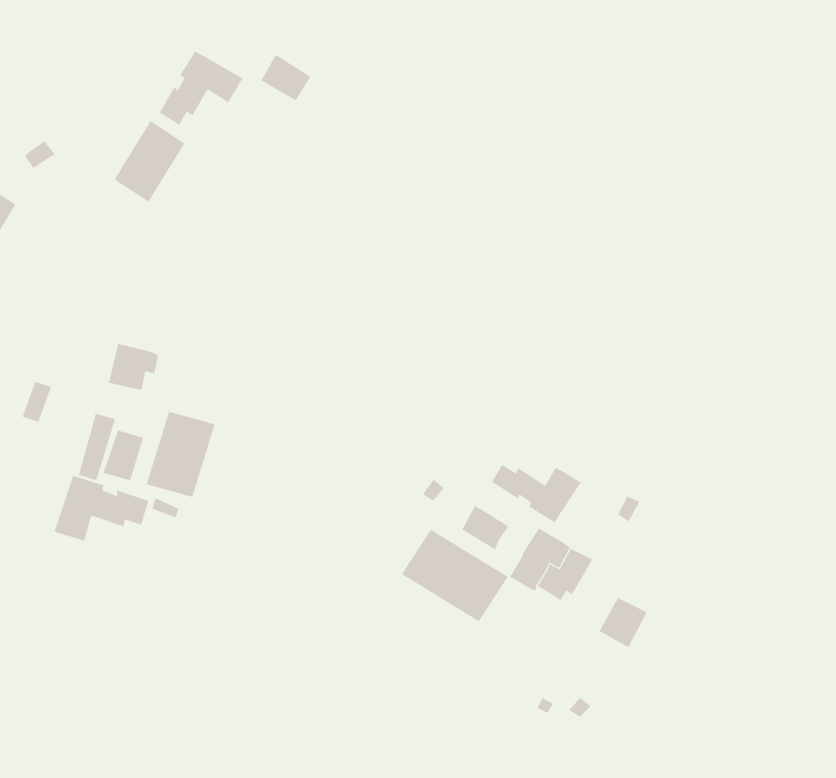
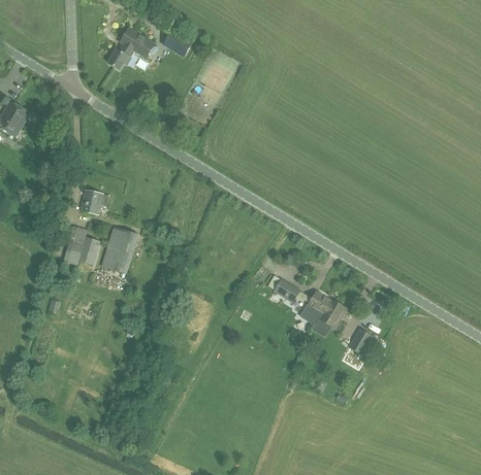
building: [114,120,185,203] -> none
building: [491,464,582,523] -> none
building: [54,475,149,541] -> none
building: [401,529,509,622] -> none

